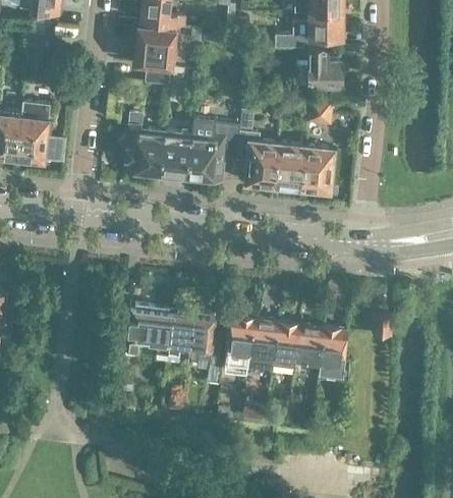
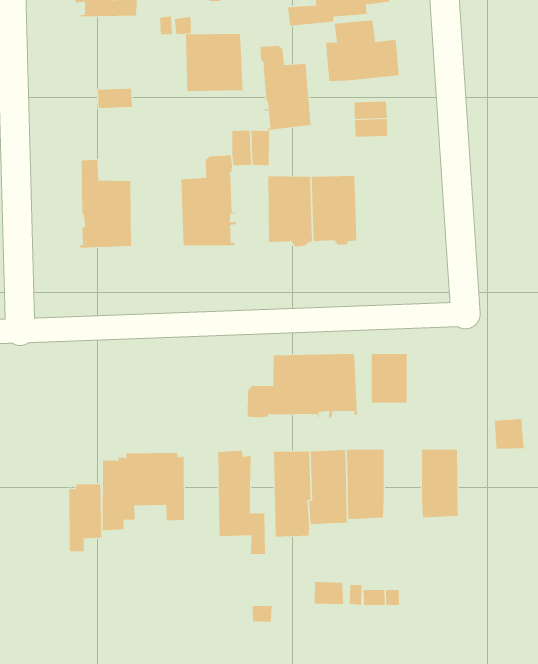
building: [134,29,174,69] -> [185,33,244,92]
building: none -> [260,45,311,131]
building: [156,132,192,180] -> none
building: [300,148,335,195] -> none
building: none -> [247,353,358,419]
building: [167,311,193,354] -> [68,484,102,552]
building: [296,325,324,359] -> [371,354,407,403]

